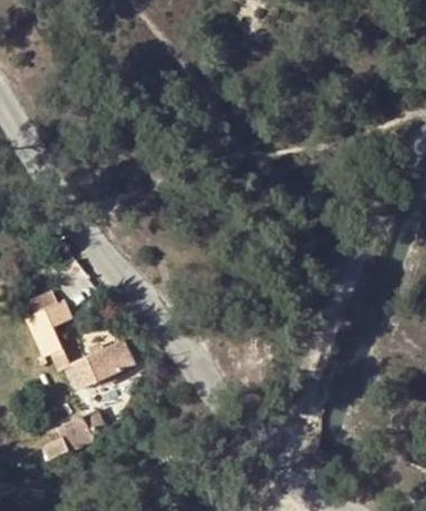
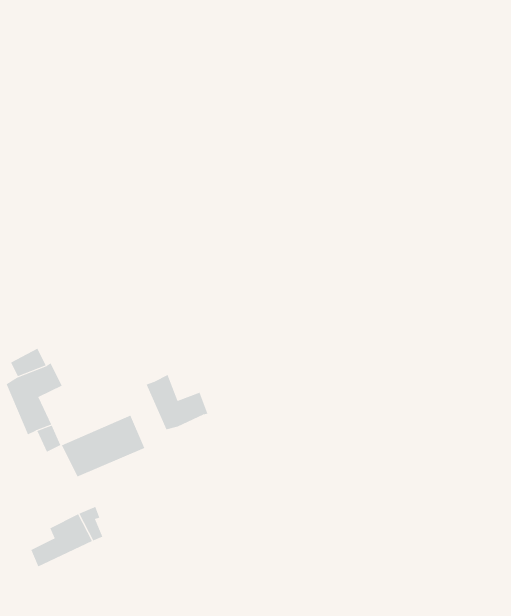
building: none -> [146,374,208,430]

